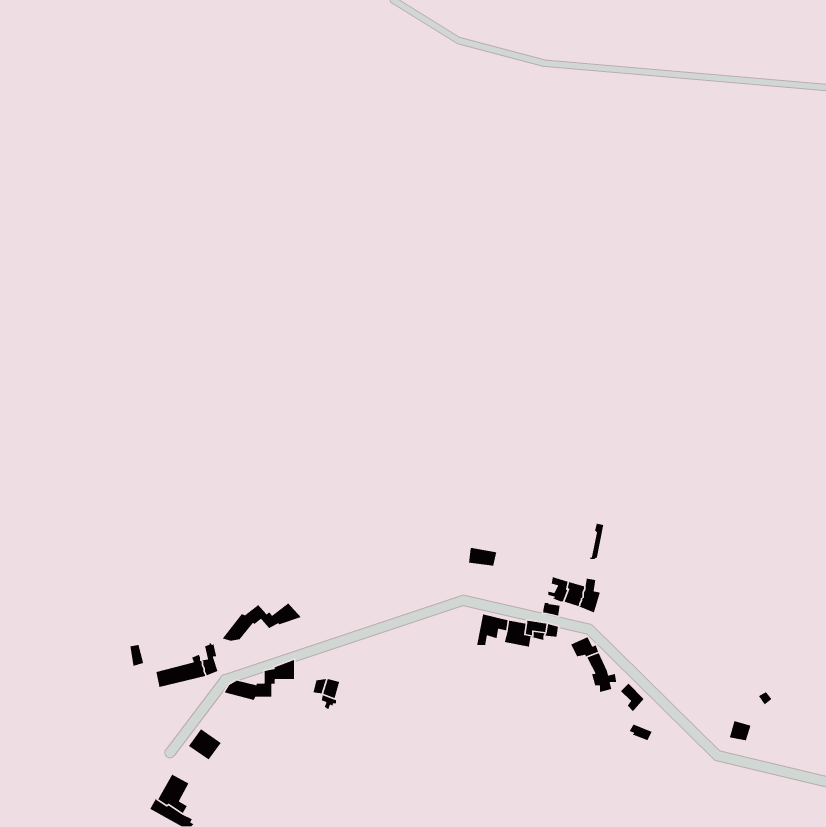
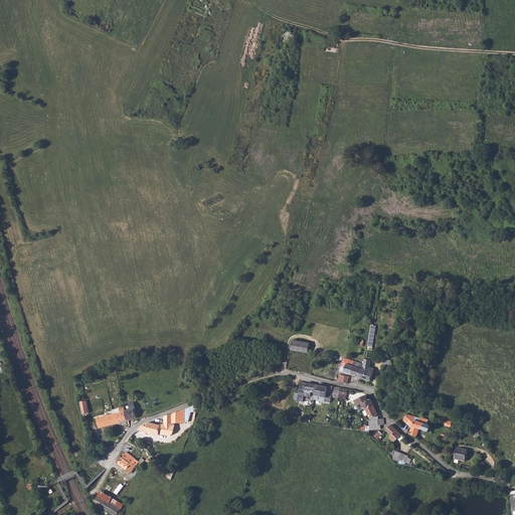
building: [221,602,302,642] -> none
building: none -> [402,414,432,437]

